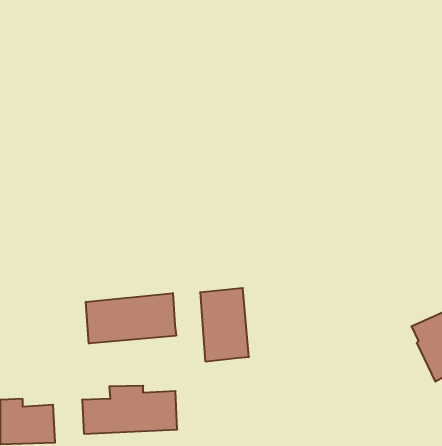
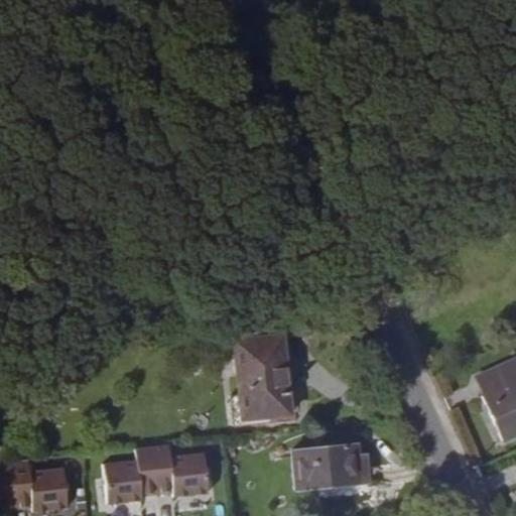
building: [86,293,176,344] -> none
building: none -> [294,443,370,497]

